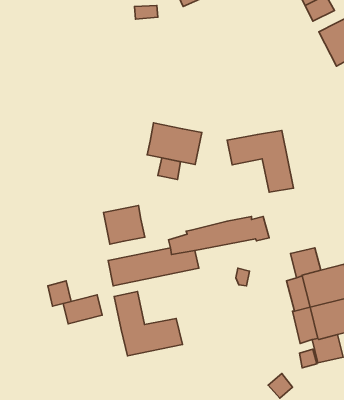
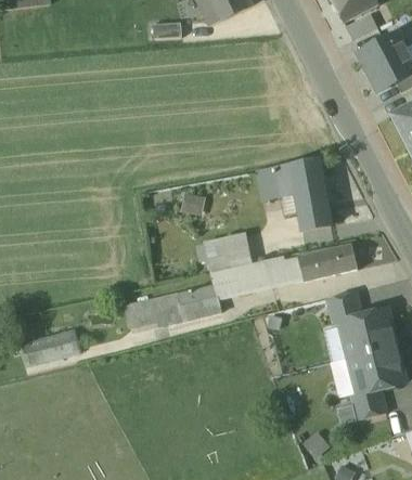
building: [147,123,202,165] -> none
building: none -> [209,233,257,272]
building: none -> [297,244,357,282]
building: [103,205,145,244] -> none
building: [114,292,183,356] -> none
building: [63,295,102,324] -> [20,334,63,366]

